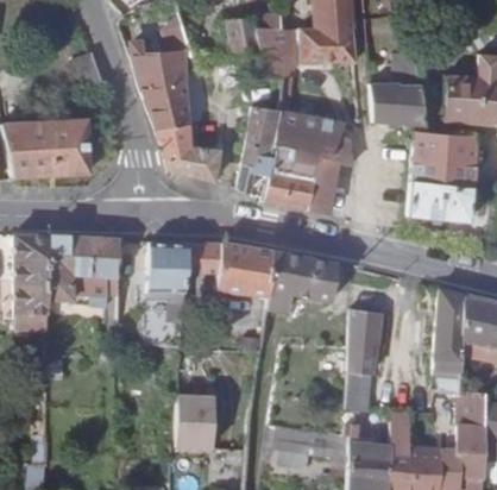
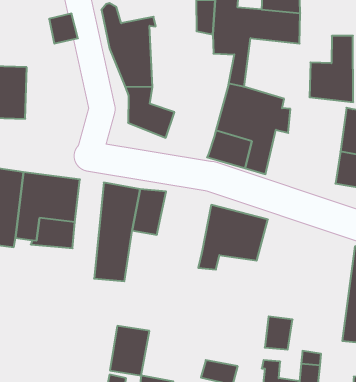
building: [239,111,279,193] -> none
building: [50,114,90,175] -> none
building: [214,243,272,308] -> none
building: [348,306,382,375] -> none

